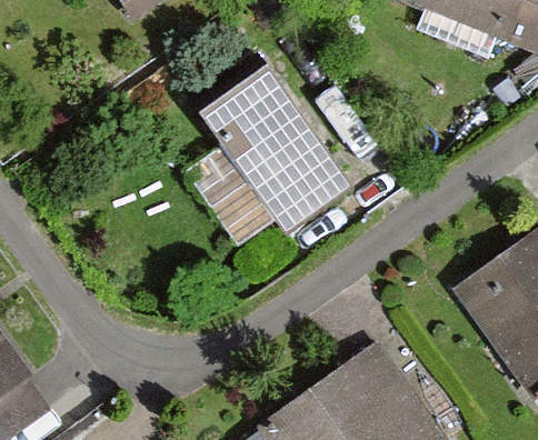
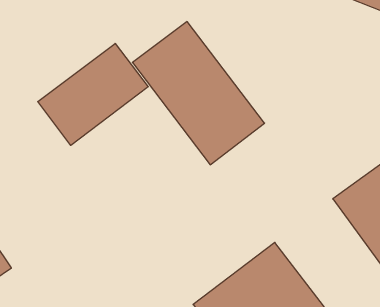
building: none -> [38,43,148,145]

